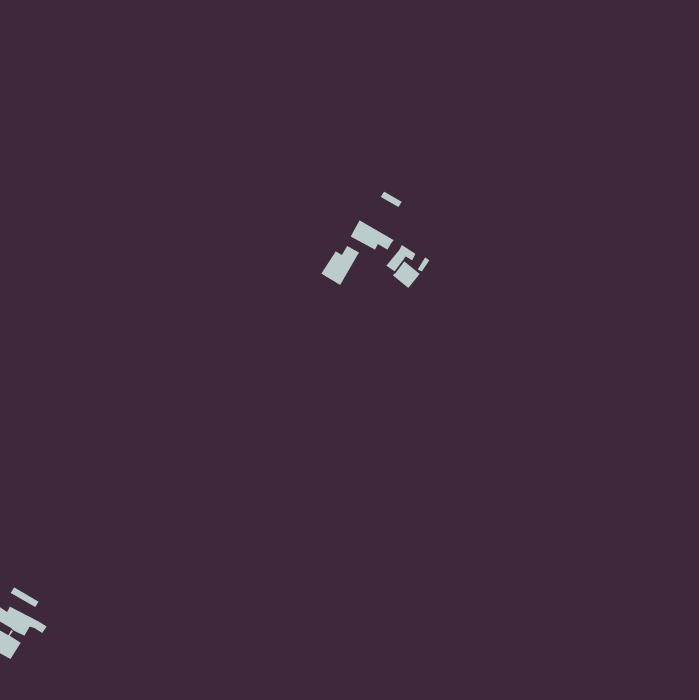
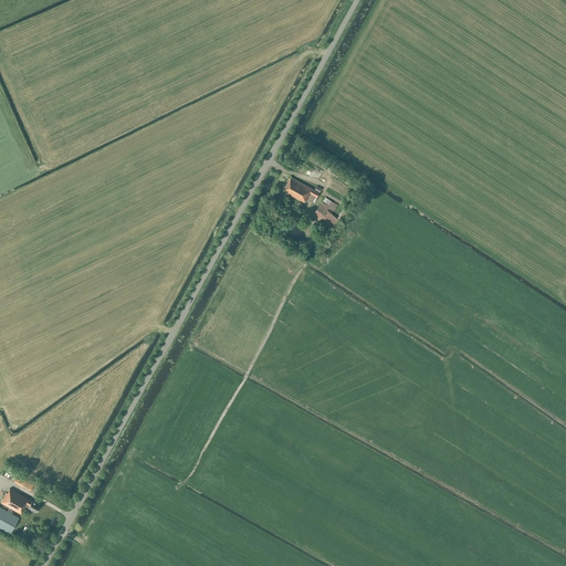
building: [320,245,360,286] -> none

